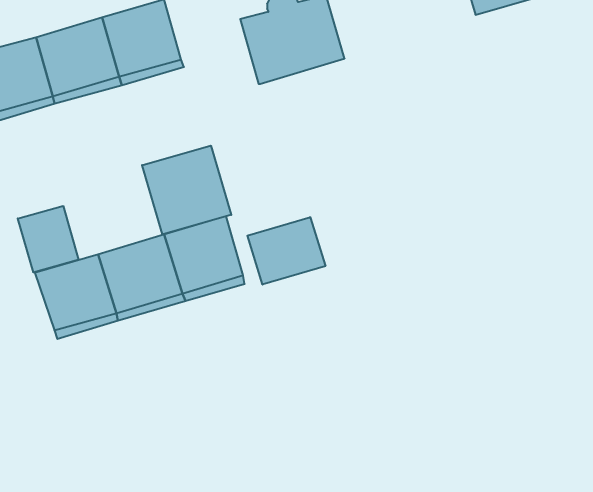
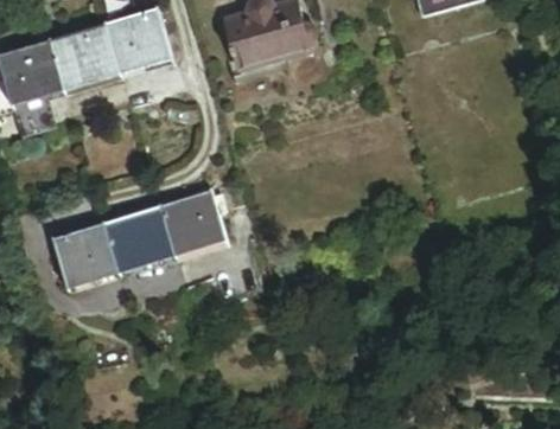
building: [142,146,231,234] -> none
building: [18,206,79,272] -> none
building: [247,217,325,285] -> none

